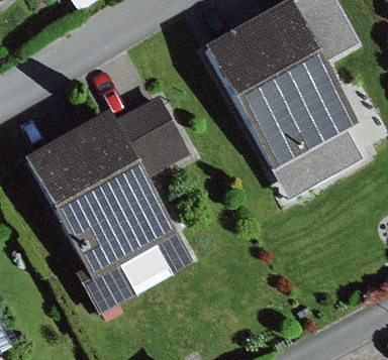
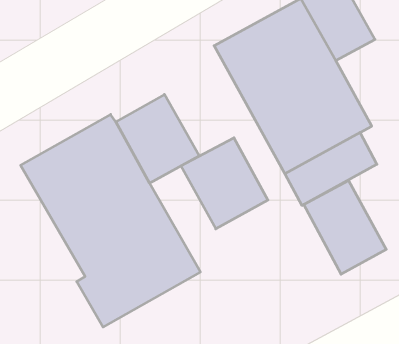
building: none -> [181,138,268,229]
building: none -> [304,181,386,274]

